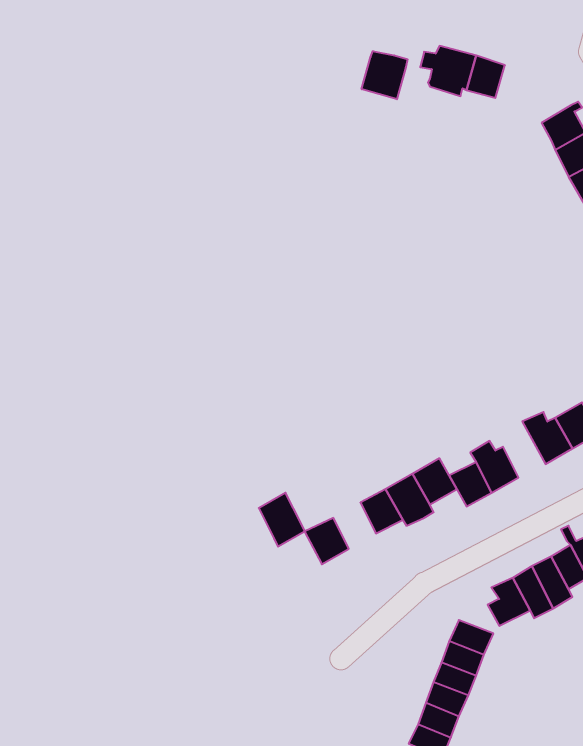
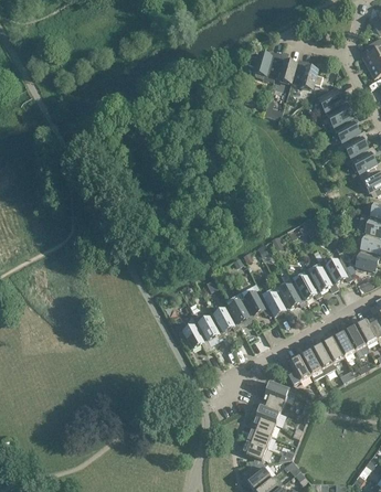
building: [362,51,408,99] -> none
building: none -> [290,62,322,87]
building: none -> [292,266,319,298]
building: [259,493,305,547] -> [198,312,224,343]

